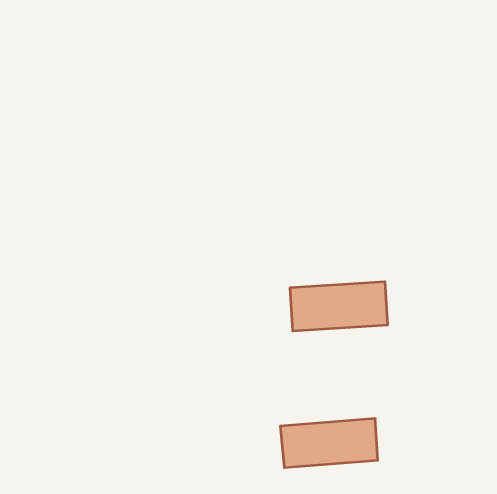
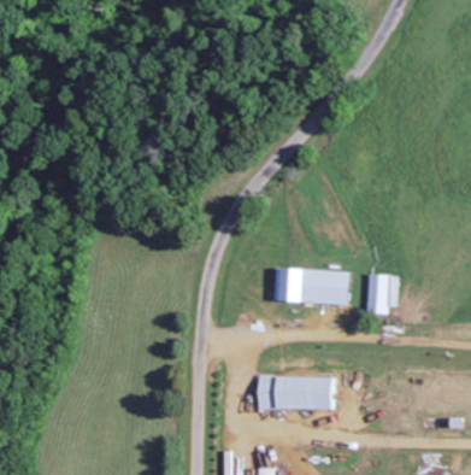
building: none -> [366,274,395,315]

